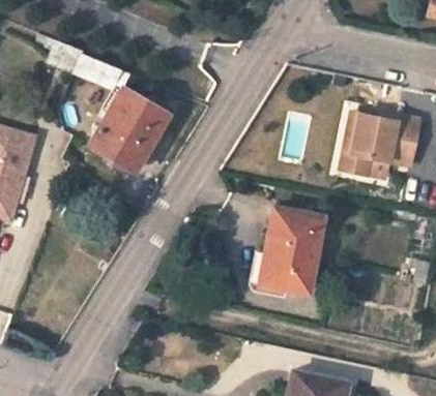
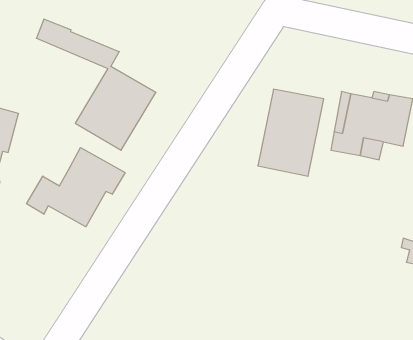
building: none -> [27,148,125,227]
building: [259,209,324,295] -> [258,89,324,176]

